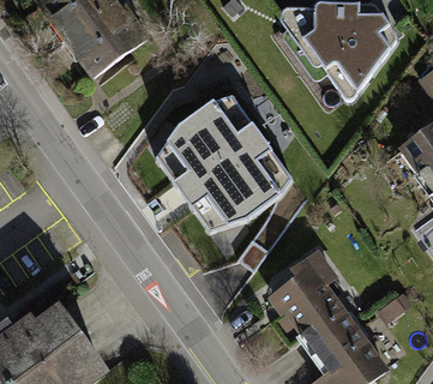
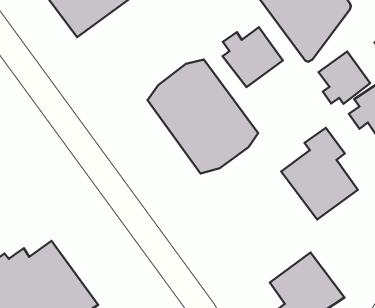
building: none -> [223,27,283,87]
building: none -> [318,51,370,104]
building: [265,246,351,349] -> [281,128,358,220]

